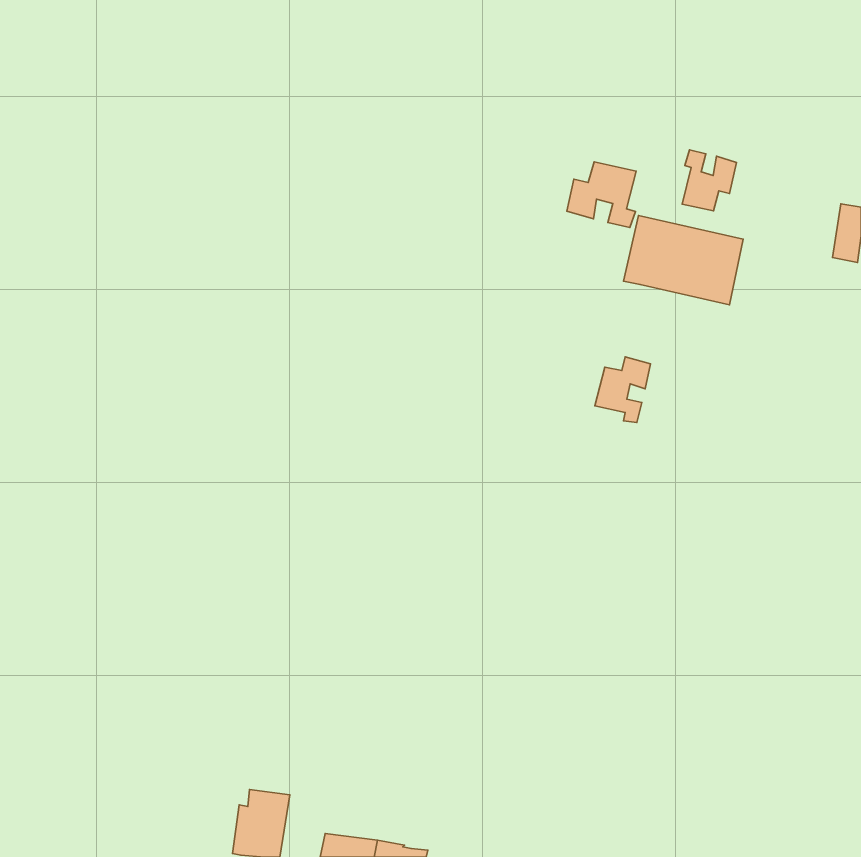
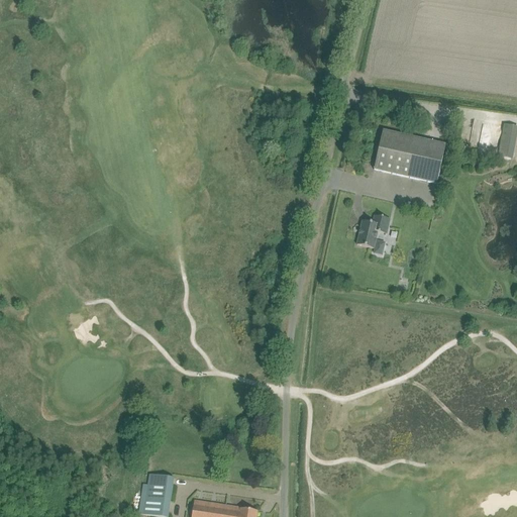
building: [682,150,736,211] -> none
building: [567,162,636,228] -> none

